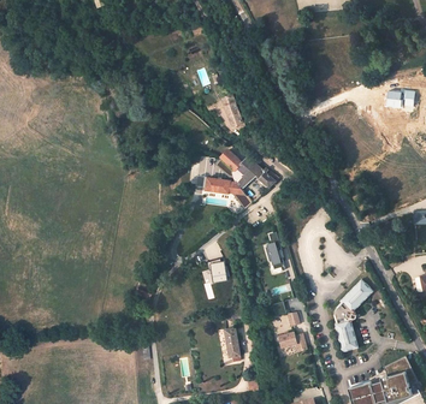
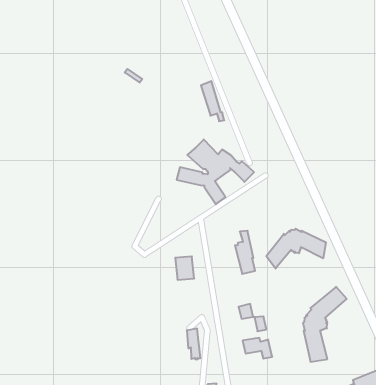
building: none -> [266,229,326,269]

